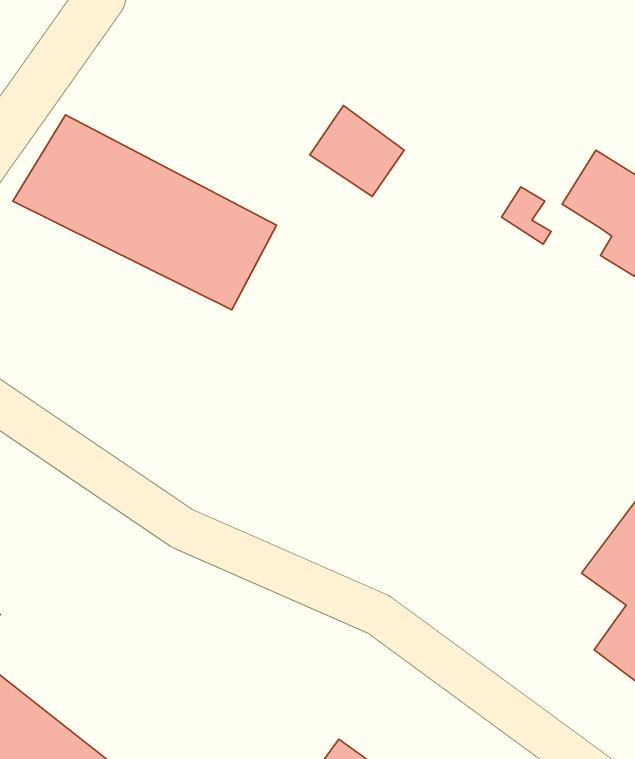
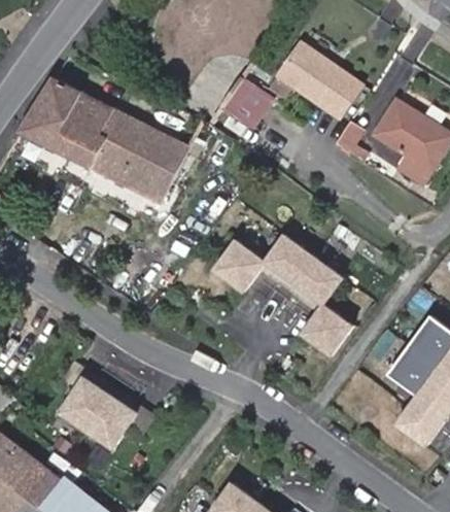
building: none -> [279,44,360,117]
building: none -> [212,236,350,355]
building: none -> [60,376,137,447]

